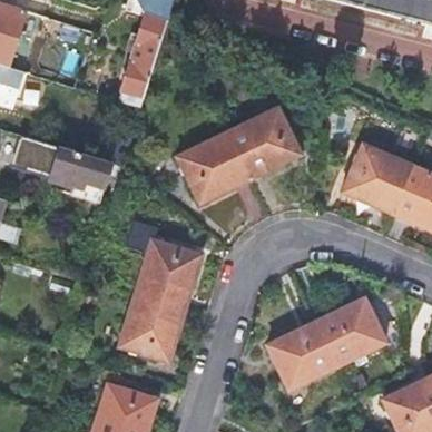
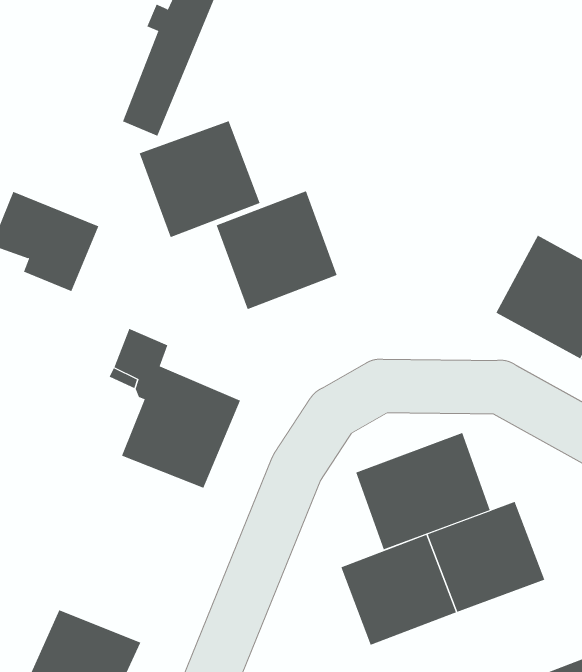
building: [227,108,300,178] -> [139,121,261,238]
building: none -> [356,432,491,550]
building: [118,293,184,362] -> none

